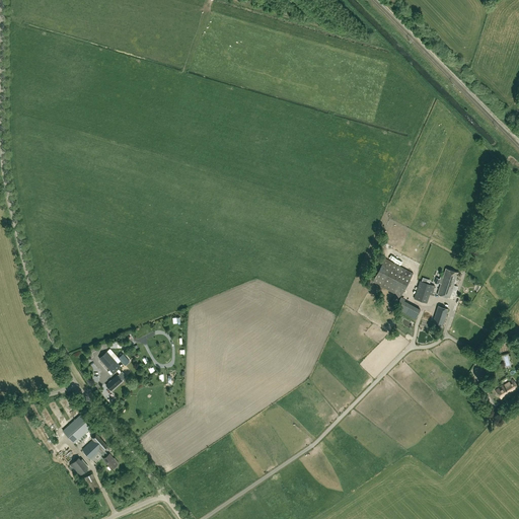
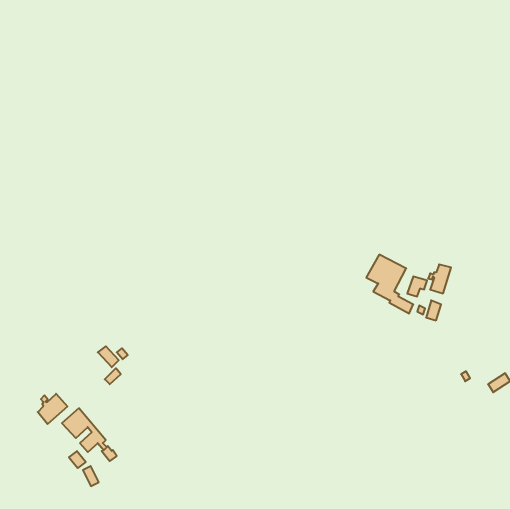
building: none -> [38,394,67,424]

